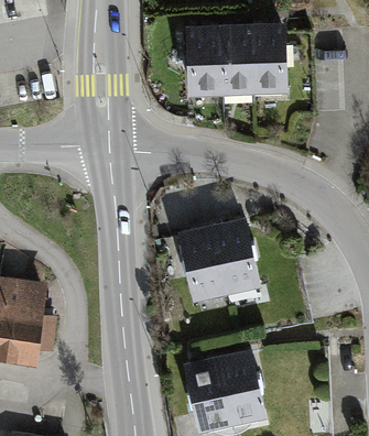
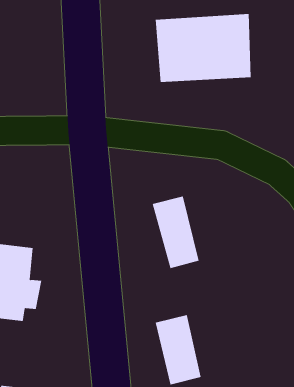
building: [213,216,261,295] -> none
building: [217,348,265,424] -> none

